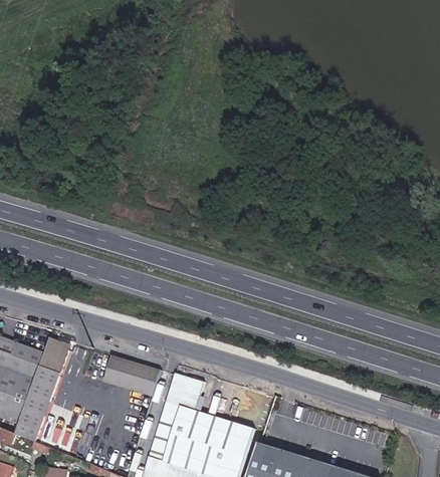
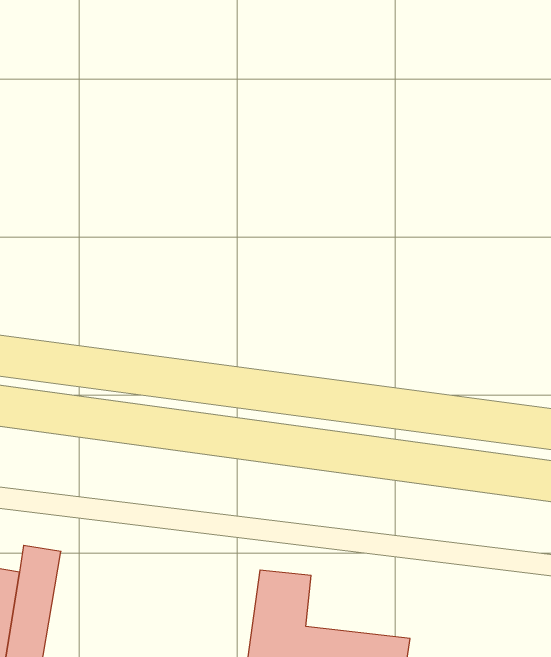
building: [104,355,161,398] -> none

